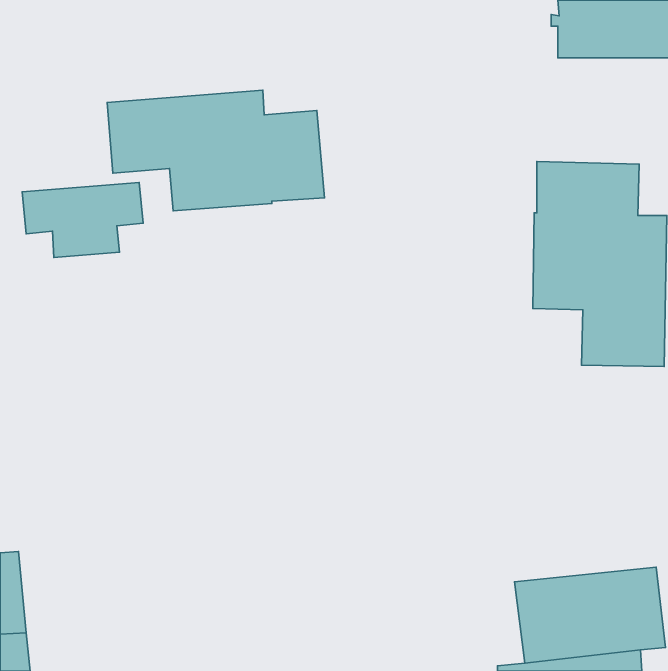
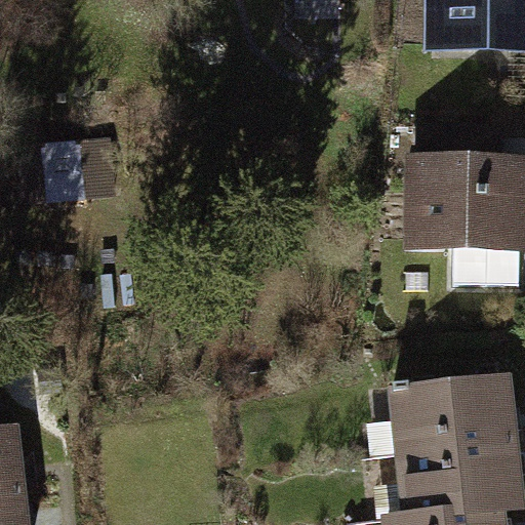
building: [107,90,325,211] -> none
building: none -> [397,379,515,454]

